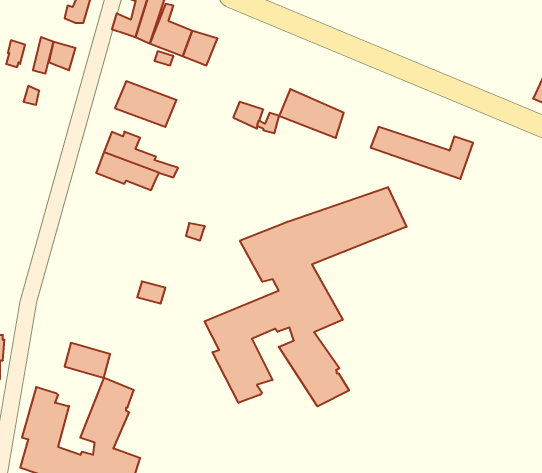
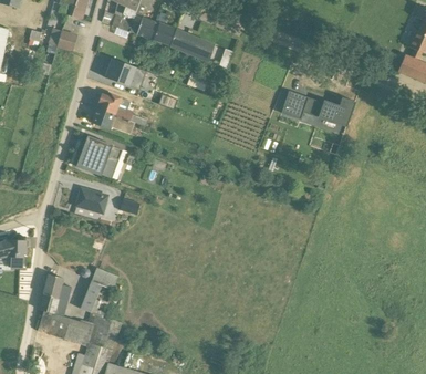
building: [279,89,344,138] -> [168,29,214,63]
building: [205,187,407,406] -> none
building: none -> [81,136,122,176]
building: [65,343,110,378] -> [76,188,108,212]

